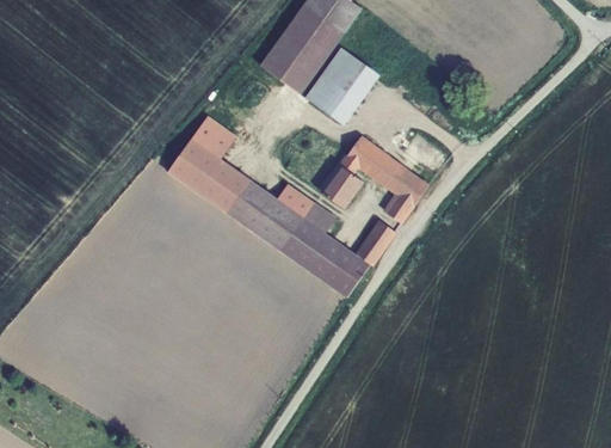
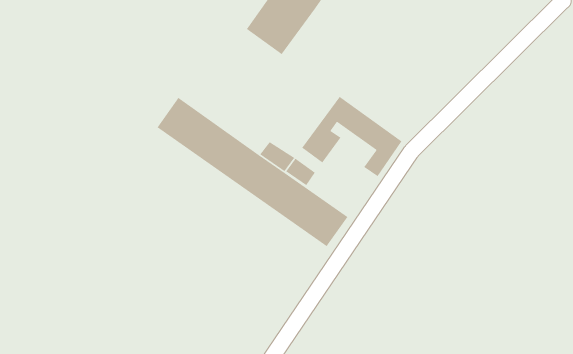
building: [307,49,377,123] -> none
building: [190,118,233,159] -> none
building: [357,221,395,264] -> none

